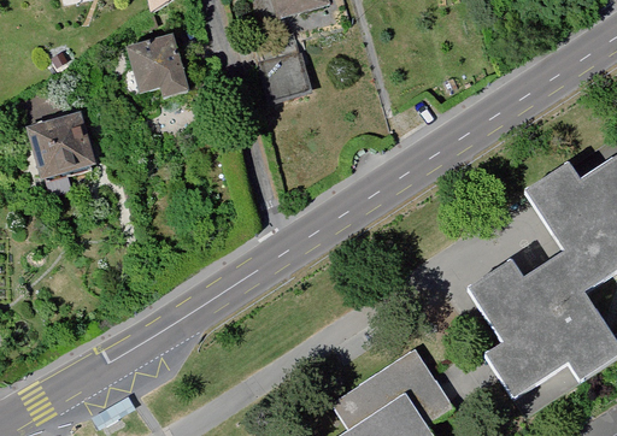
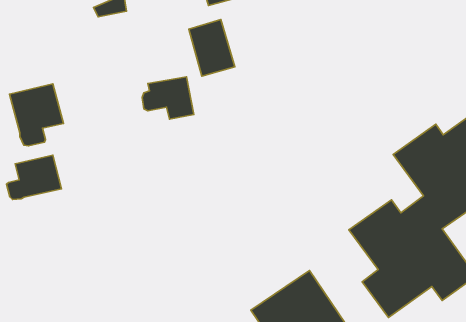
building: [117,36,183,90] -> [142,77,194,119]
building: none -> [6,155,61,200]

